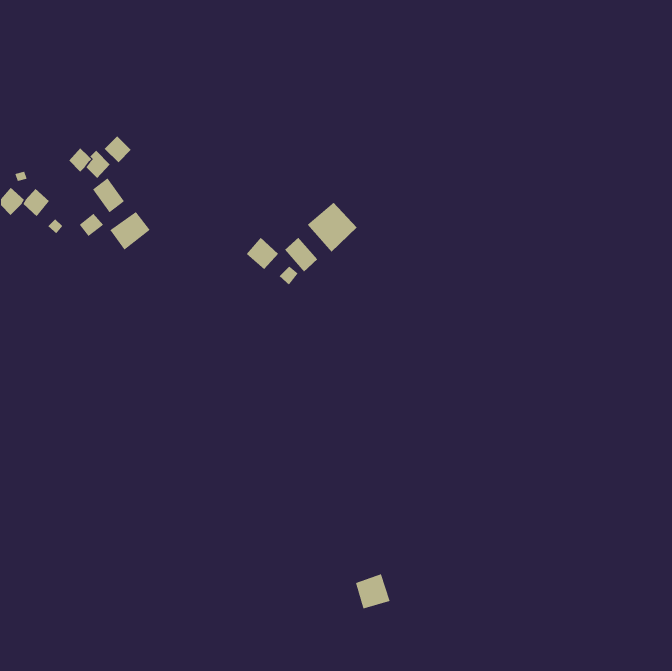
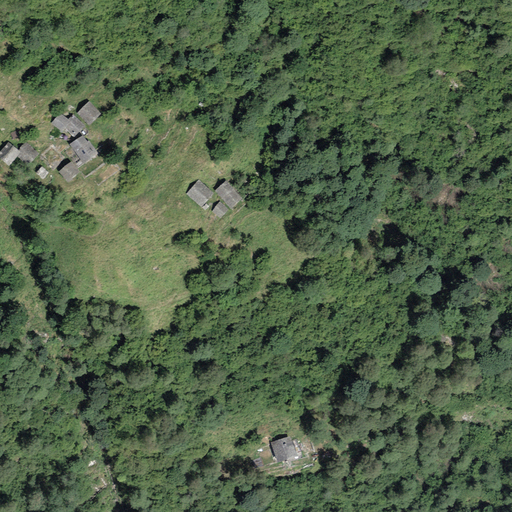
building: [307,202,357,253] -> none
building: [110,211,150,250] -> none

